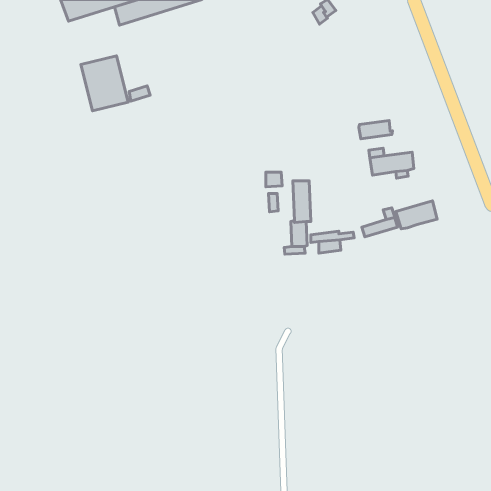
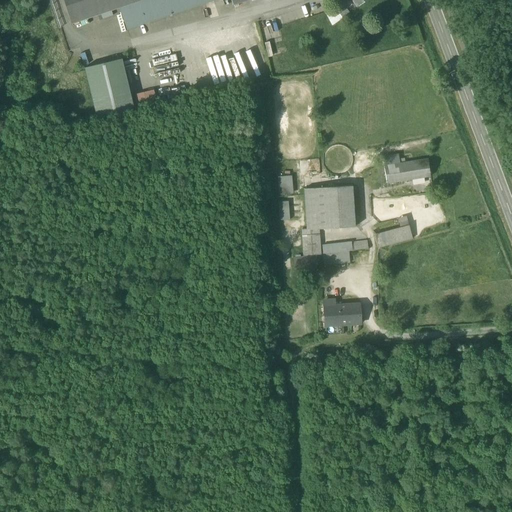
building: [359,121,393,139] -> none
building: none -> [322,186,351,230]
building: [396,201,437,229] -> none
building: none -> [324,303,360,328]

